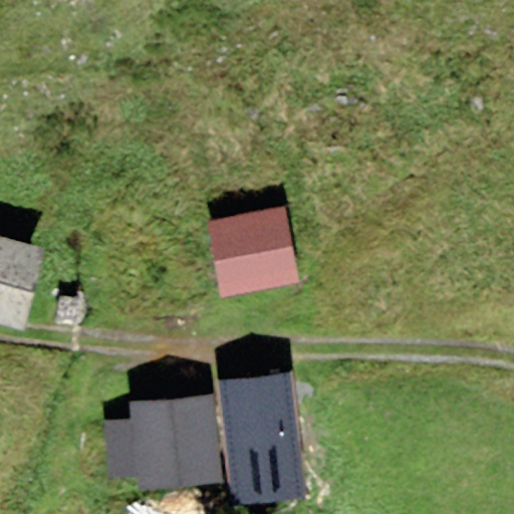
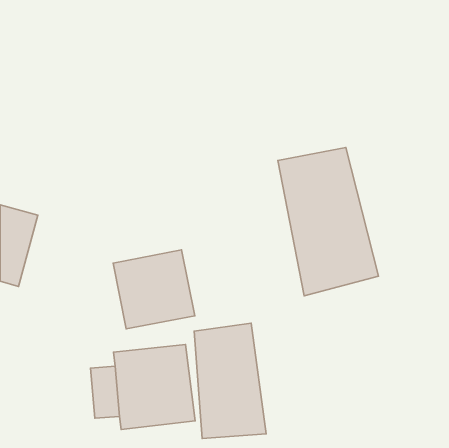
building: none -> [278,148,378,296]
building: [206,208,299,298] -> [113,250,195,329]

